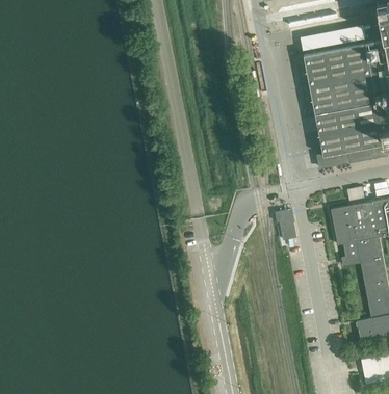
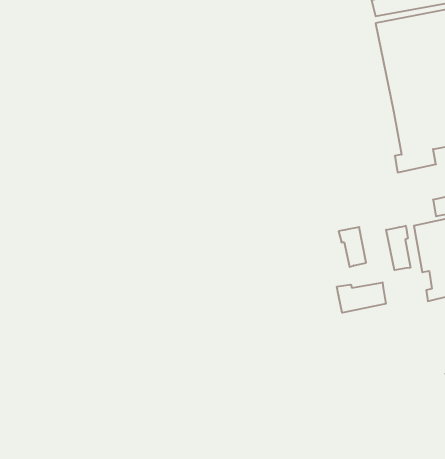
building: none -> [386,226,410,270]
building: none -> [337,282,386,313]

